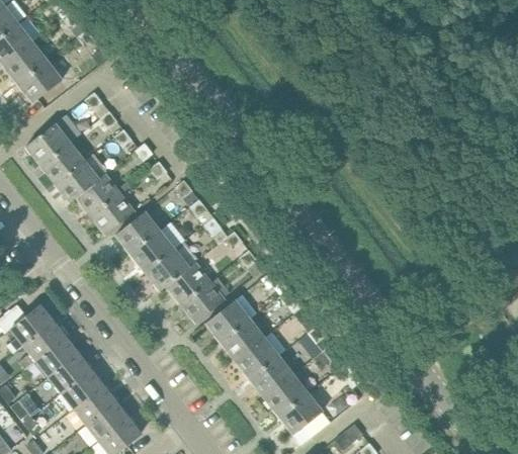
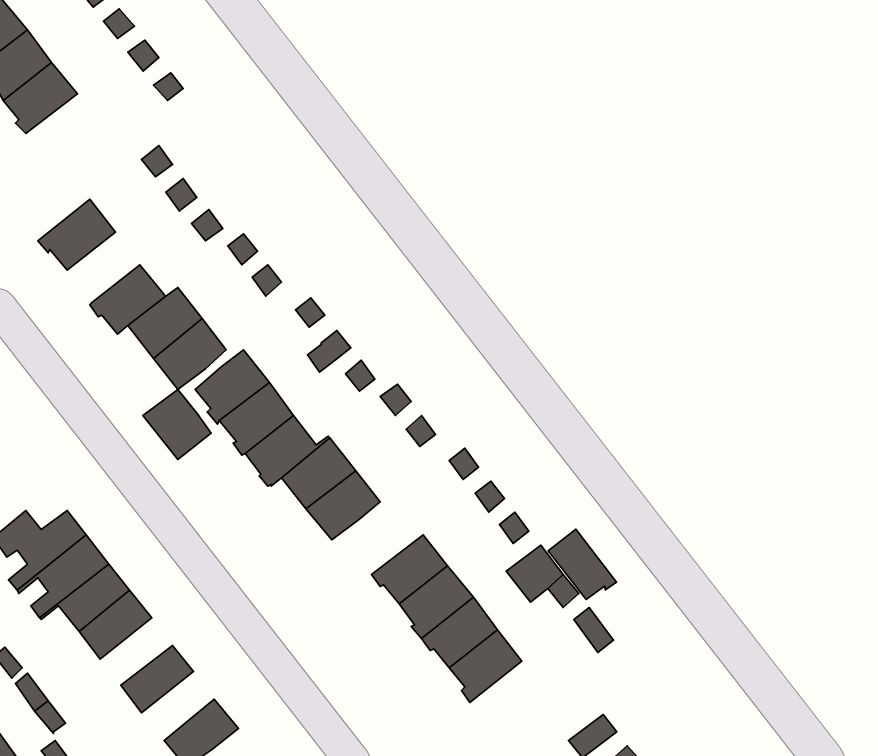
building: [17,61,62,102] -> none
building: [39,142,84,183] -> none
building: none -> [143,389,211,459]
building: [206,299,250,342] -> none
building: none -> [548,529,616,600]
building: [61,367,103,406] -> none
building: [277,392,323,434] -> none
building: [85,398,127,439] -> none

